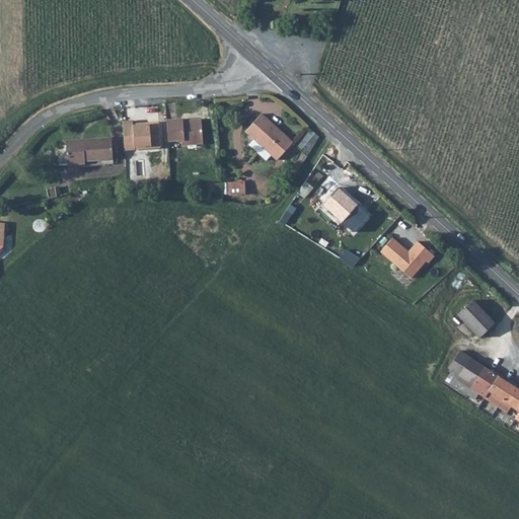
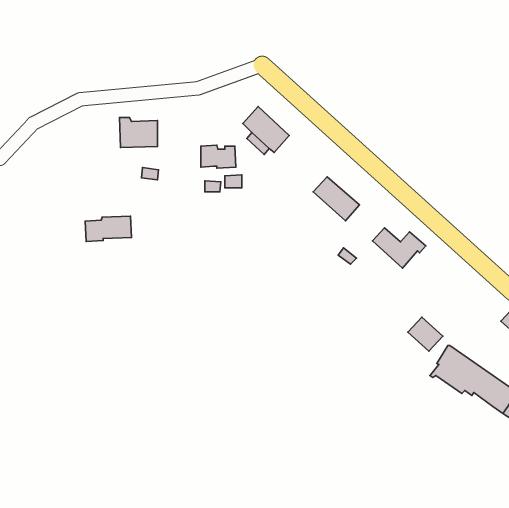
building: [171,118,207,141] -> [201,145,236,168]
building: [69,135,116,160] -> [85,216,131,241]
building: [456,304,492,339] -> [408,317,443,351]

